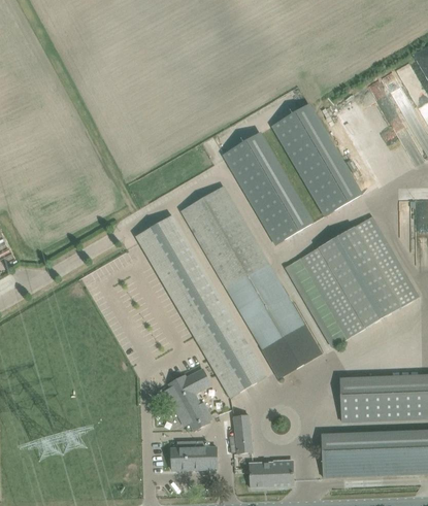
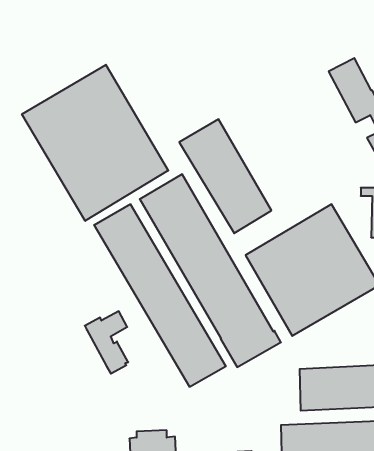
building: none -> [22,65,168,221]
building: [268,101,361,215] -> none
building: [168,368,211,430] -> [85,311,128,374]
building: [233,414,252,452] -> none

